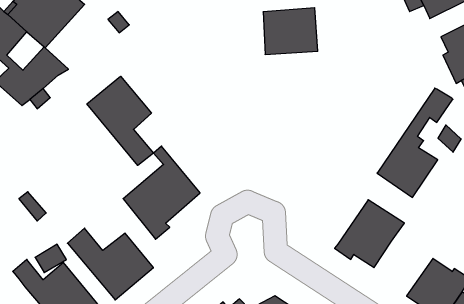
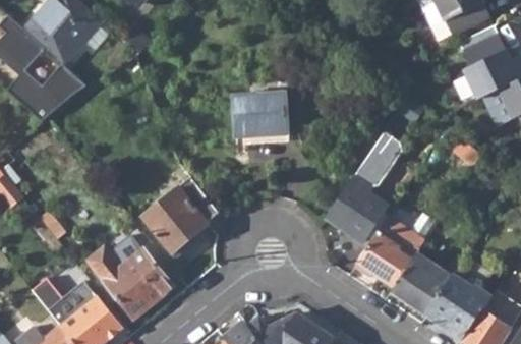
building: [263,8,318,54] -> [235,91,290,137]
building: [87,76,153,165] -> none
building: [377,88,453,197] -> [327,132,403,242]
building: none -> [395,252,454,314]

